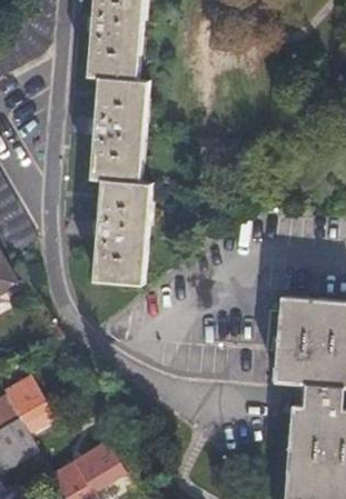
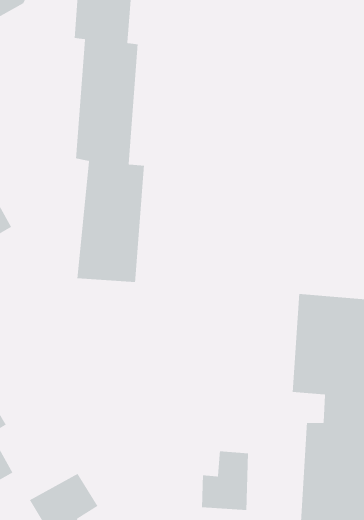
building: none -> [201,451,249,511]

